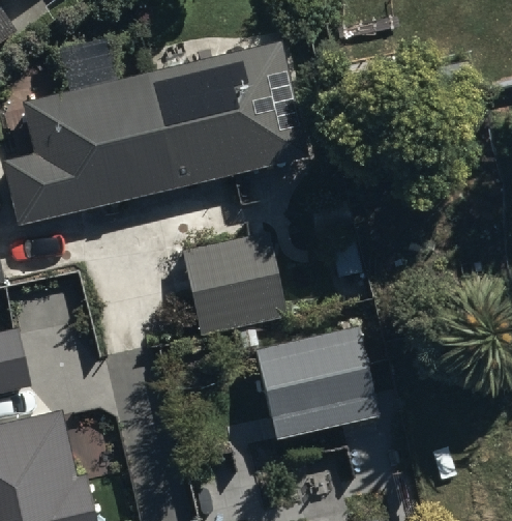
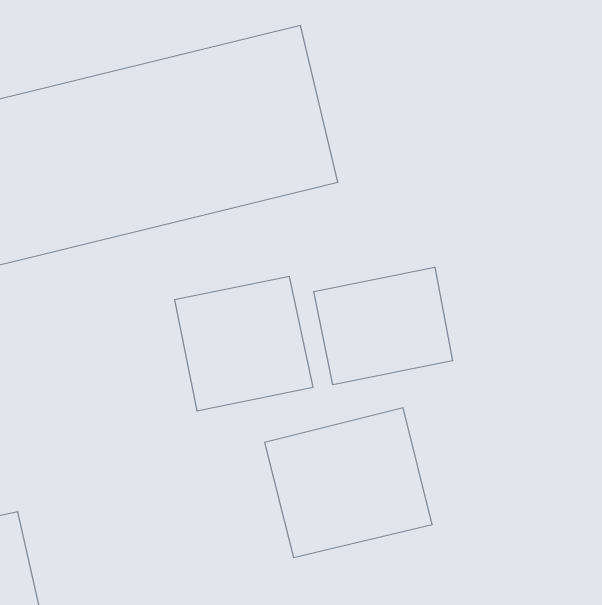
building: none -> [314,267,453,385]

